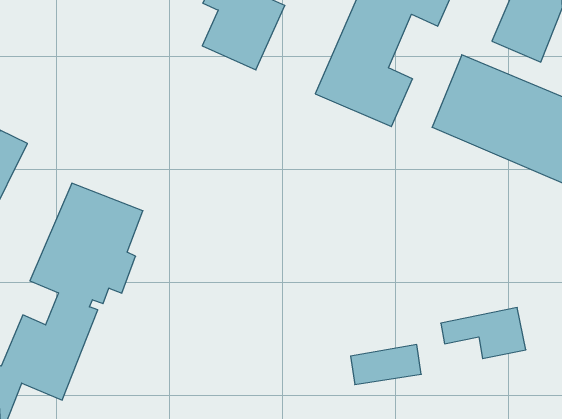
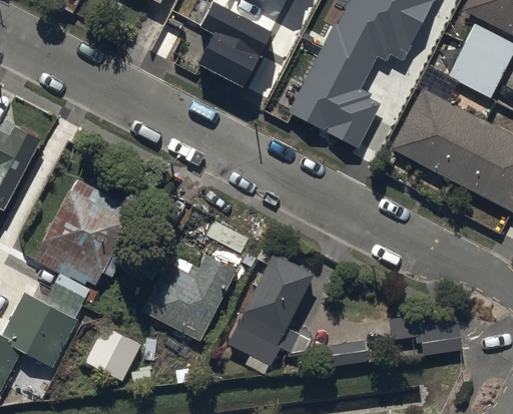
building: none -> [226,251,312,371]
building: none -> [140,252,235,339]
building: none -> [86,326,140,381]

